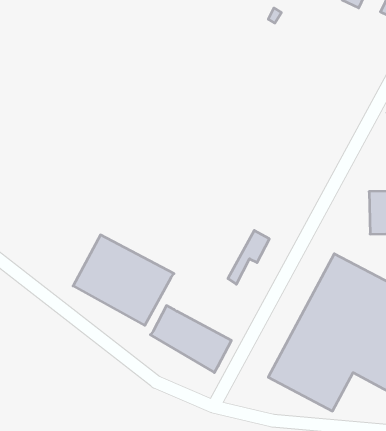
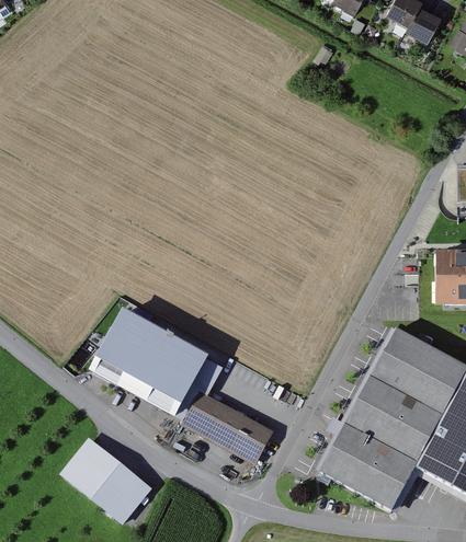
building: [228,230,269,284] -> [173,355,221,417]
building: none -> [64,437,156,524]

